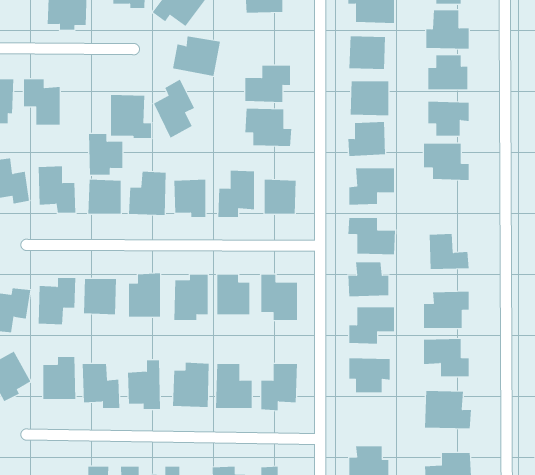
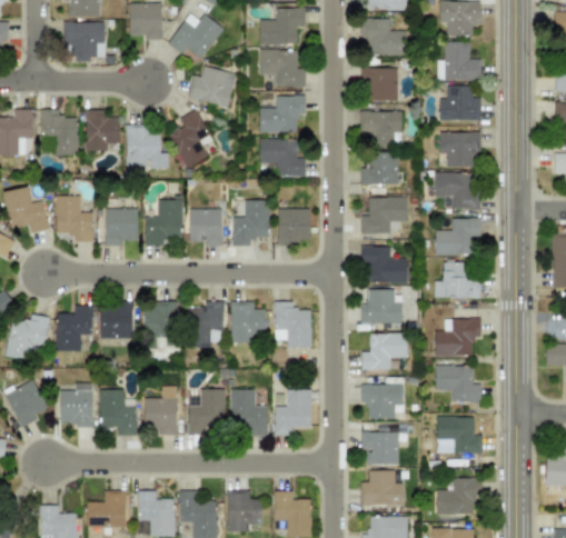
building: none -> [259,49,306,87]
building: [88,133,123,175] -> [86,109,120,150]
building: none -> [435,218,478,255]
building: none -> [361,431,398,465]

